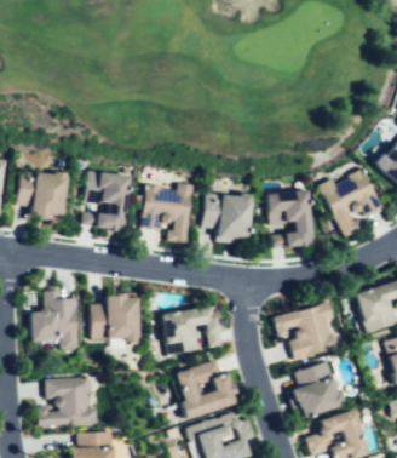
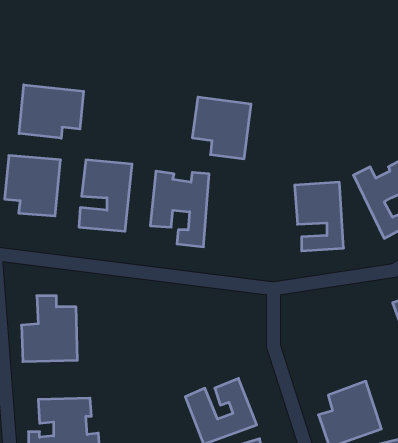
building: none -> [19,85,84,138]
building: [202,189,253,242] -> [192,97,251,159]
building: [93,296,137,342] -> none
building: [272,303,335,359] -> none
building: [167,305,221,350] -> none

